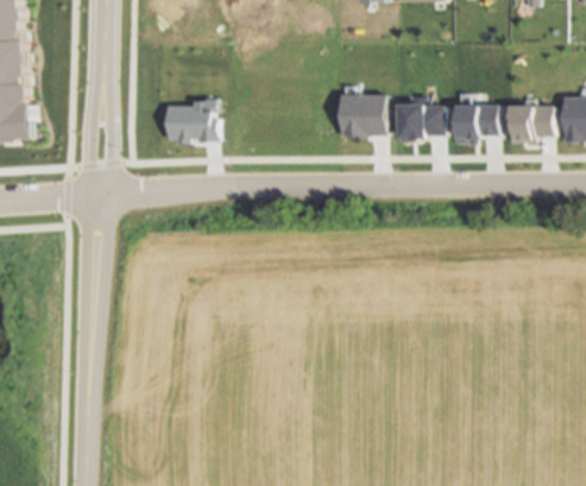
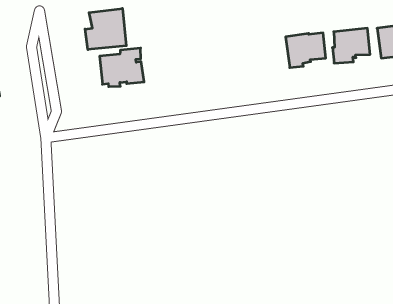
building: none -> [85,8,126,50]
building: [338,94,384,137] -> none

